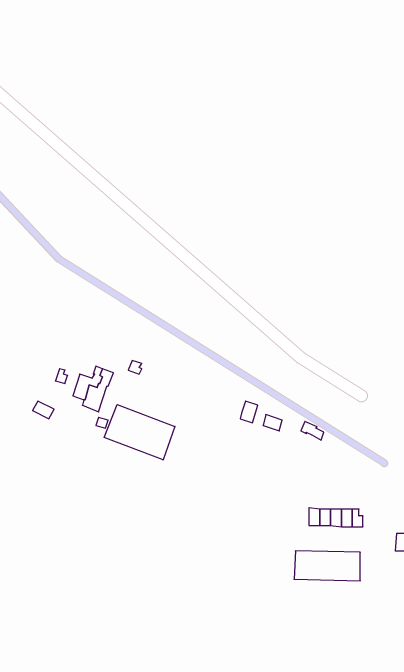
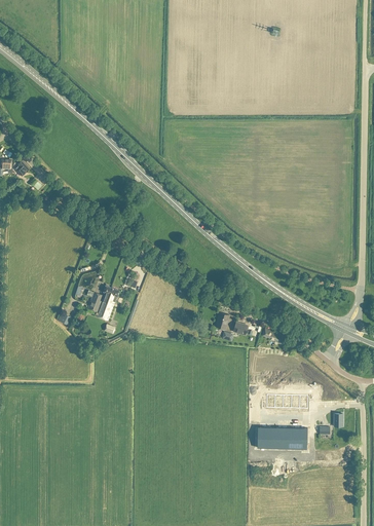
building: [104,405,175,460] -> none

